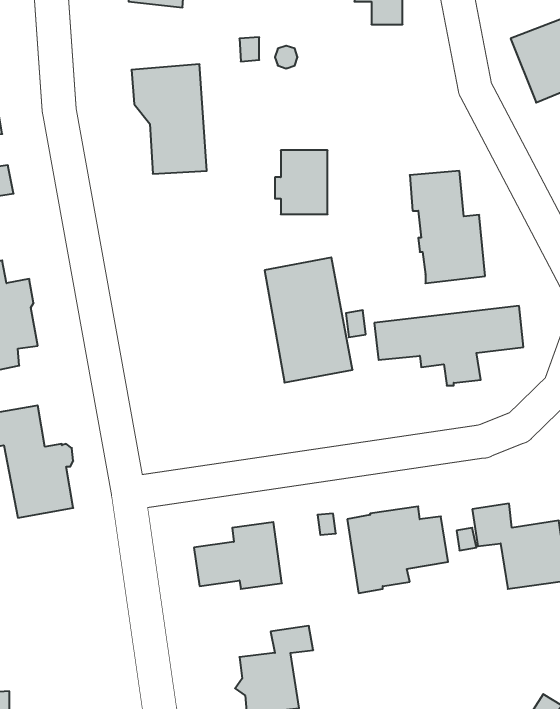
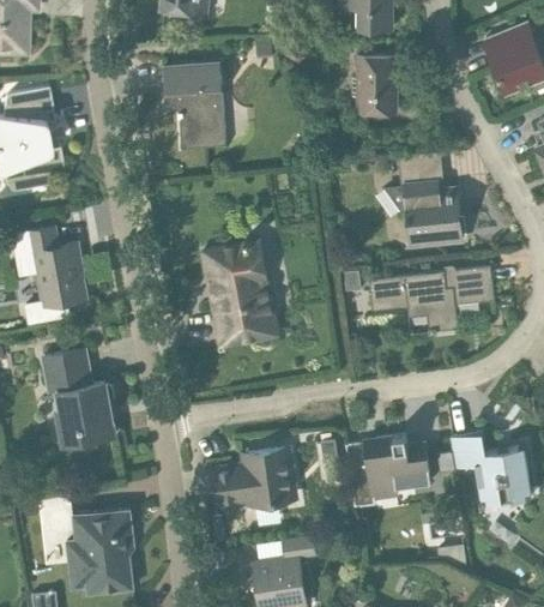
building: [275,150,328,214] -> [352,55,397,109]
building: [265,257,353,383] -> [203,240,277,345]
building: none -> [66,509,133,594]

